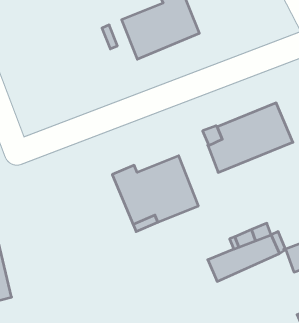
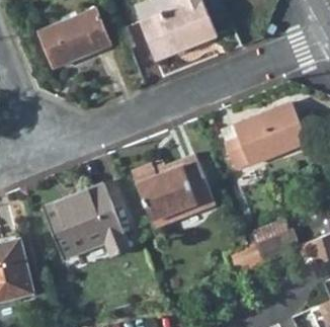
building: none -> [39,9,111,68]
building: none -> [43,182,130,259]

